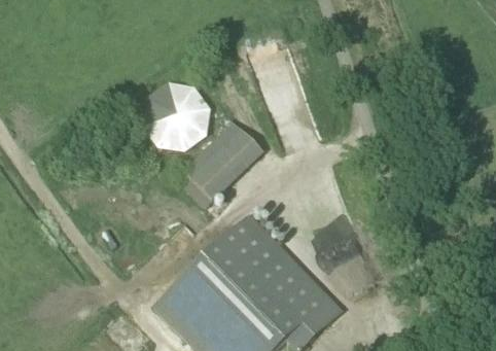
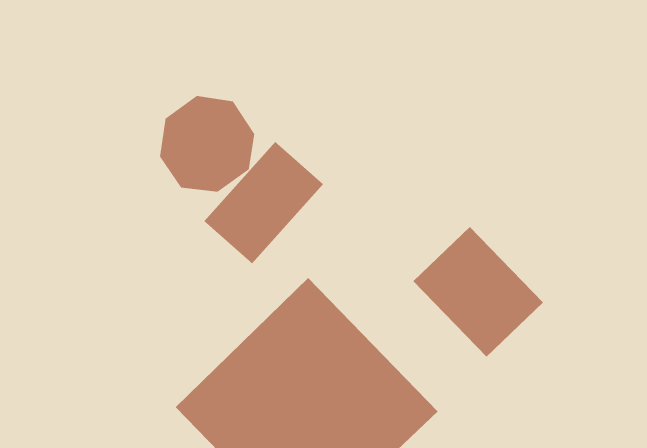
building: none -> [413,226,544,357]

